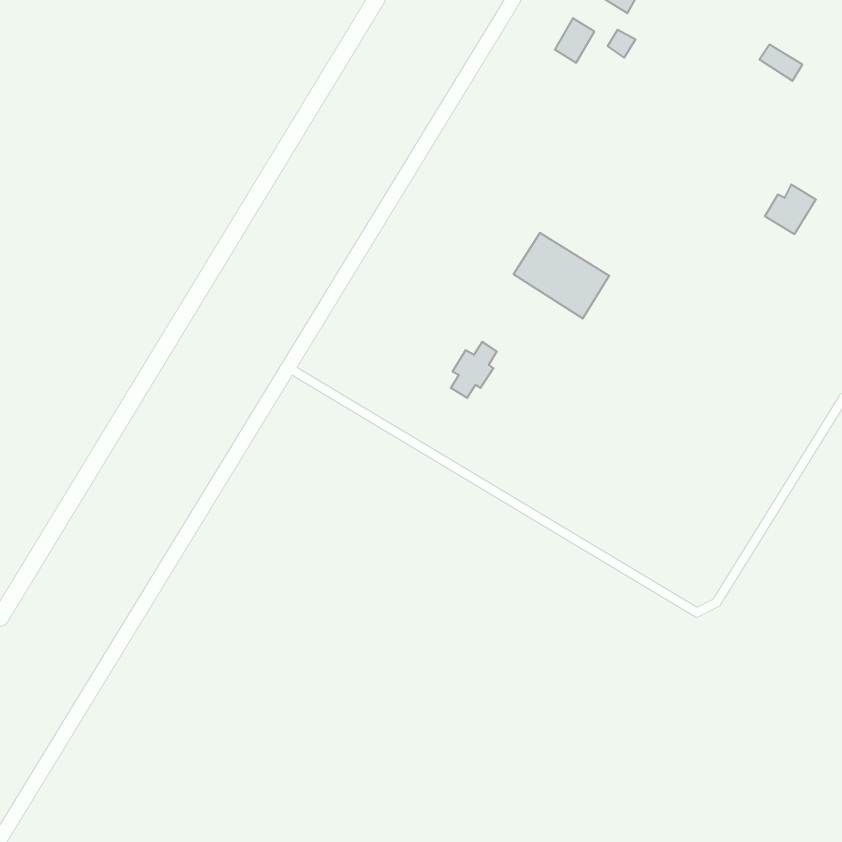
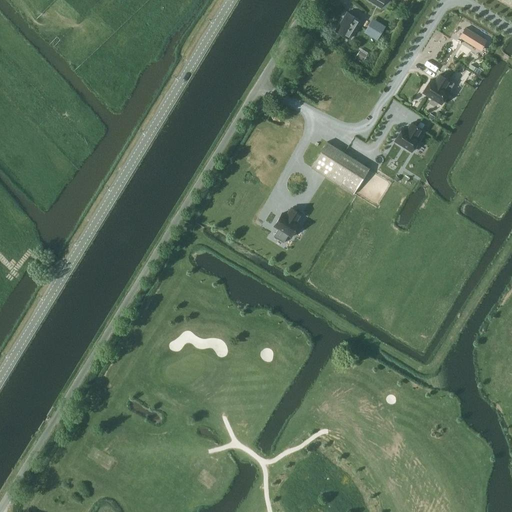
building: [765,185,816,234] -> [424,73,455,103]
building: none -> [396,122,423,150]

